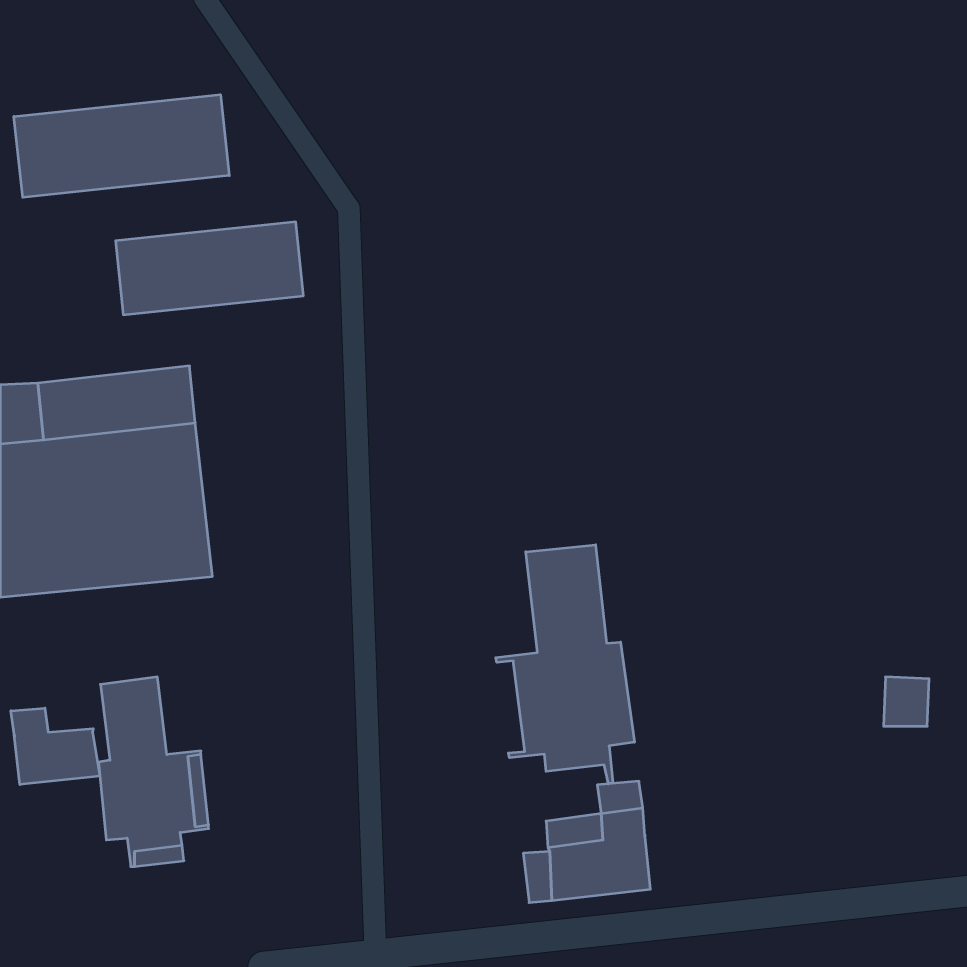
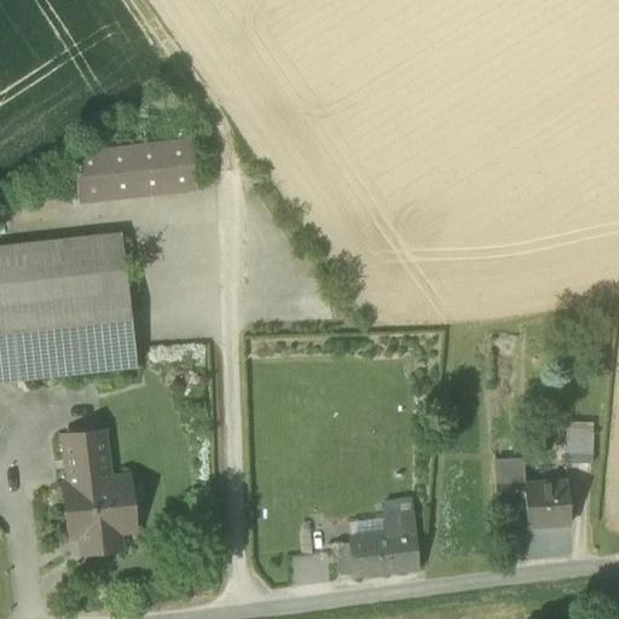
building: [14,95,229,197] -> none
building: [496,545,634,784] -> none
building: [11,708,100,785] -> none
building: none -> [493,459,571,526]

